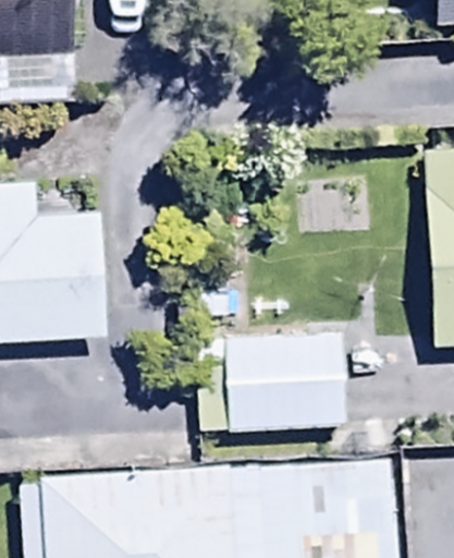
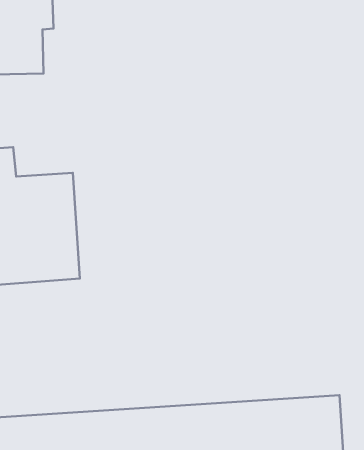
building: [196,330,346,433] -> none

